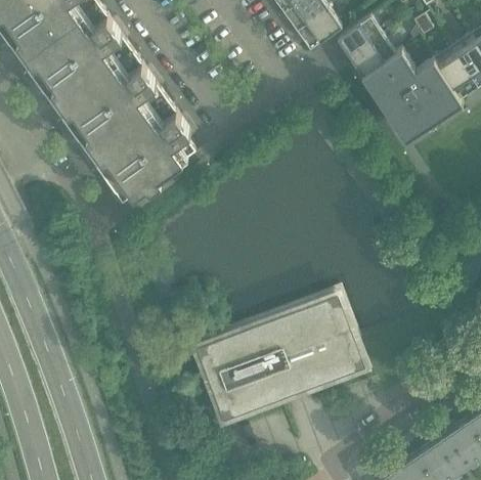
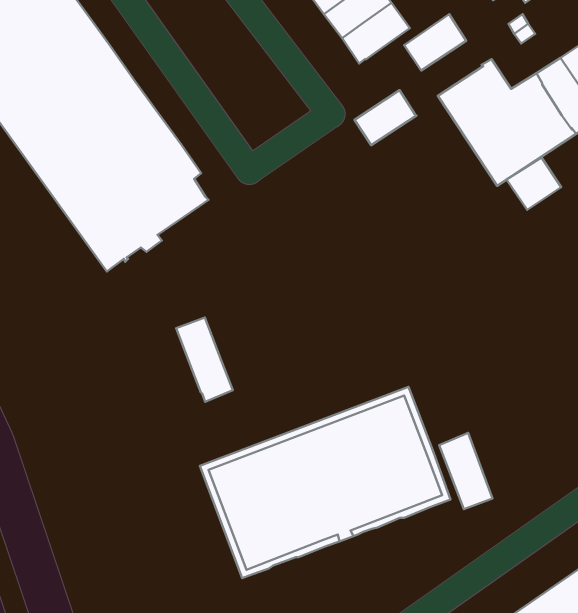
building: [352,36,397,76] -> [354,90,416,145]
building: none -> [507,158,561,210]
building: none -> [176,318,233,402]
building: none -> [439,433,492,509]

